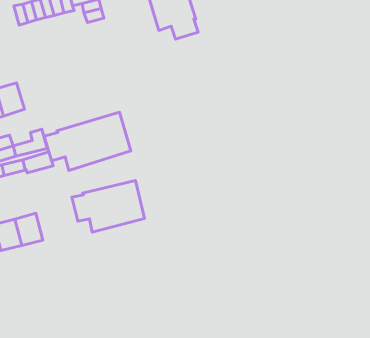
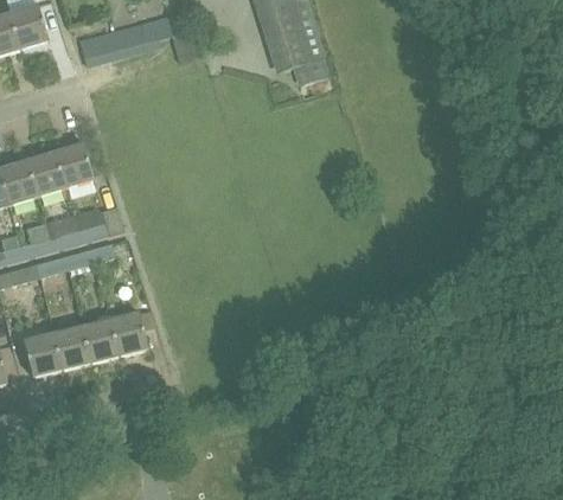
building: [44,112,131,170] -> none
building: [72,180,145,232] -> none
building: none -> [108,313,146,357]

